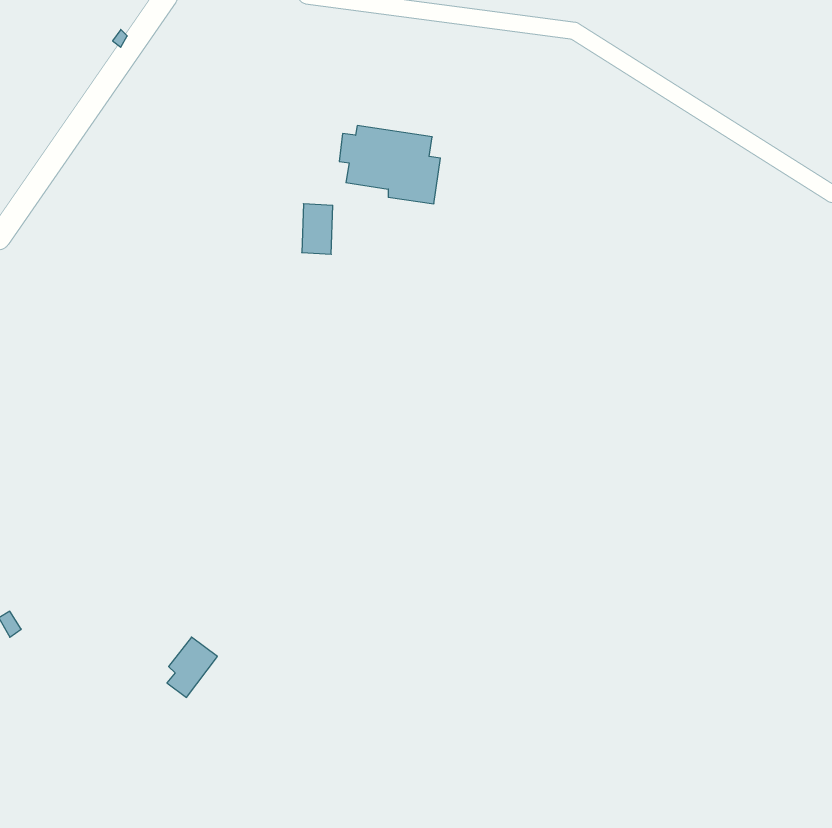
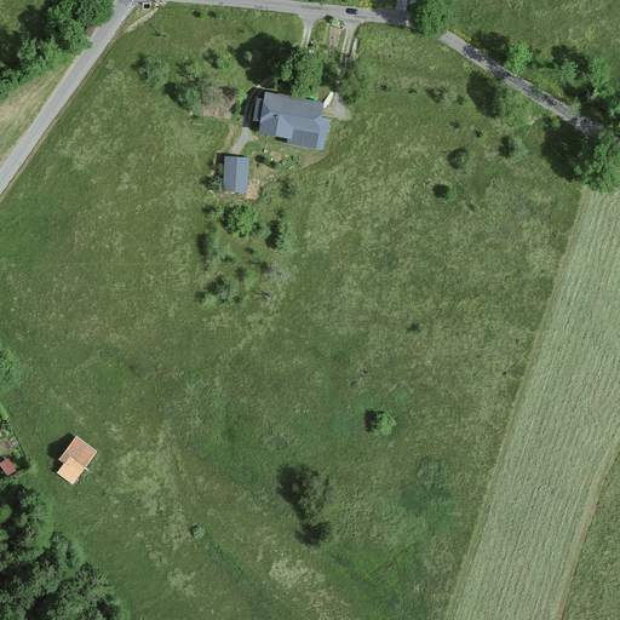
building: [167,637,217,697] -> [58,435,96,480]

